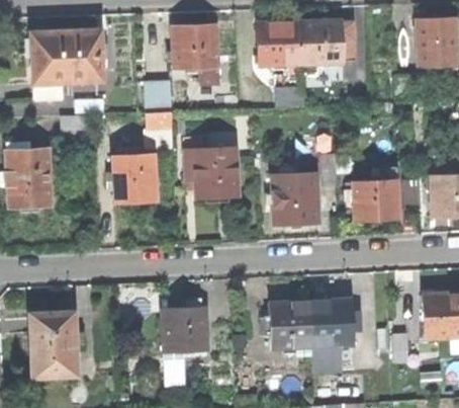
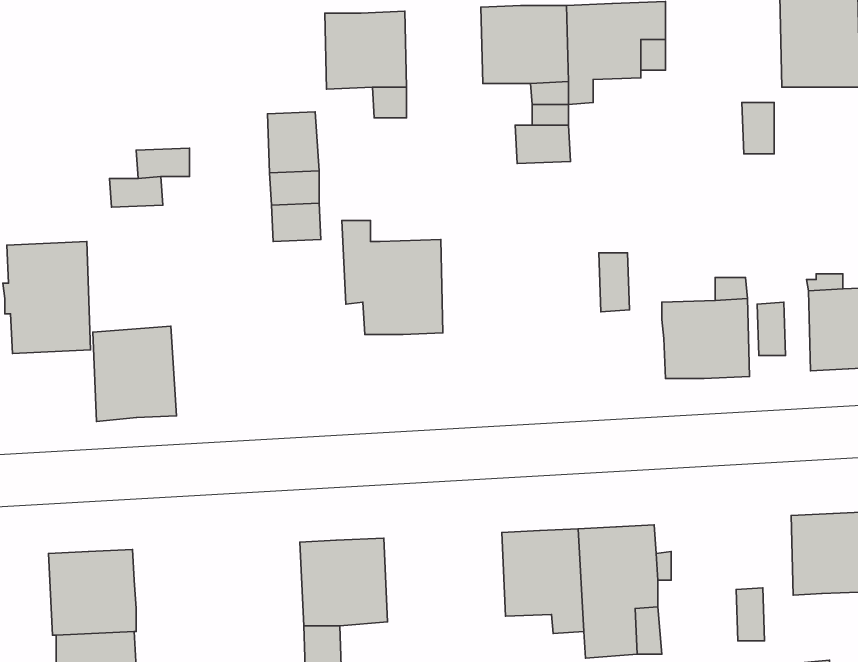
building: [31,29,102,98] -> none
building: [112,153,157,203] -> [93,326,177,421]
building: [273,172,318,225] -> none

